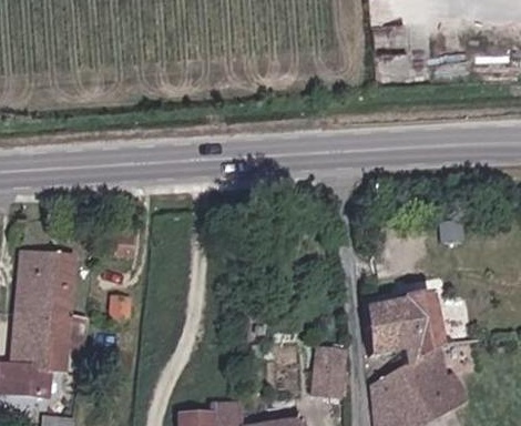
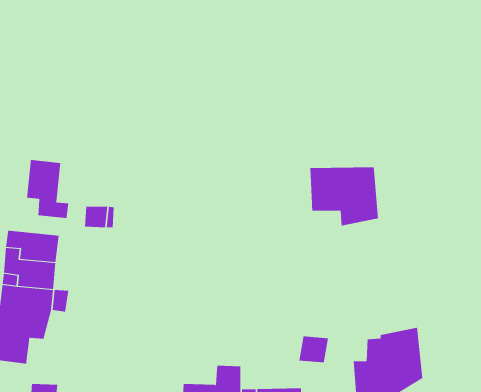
building: none -> [27,159,69,219]
building: [369,304,440,365] -> [309,167,379,226]

